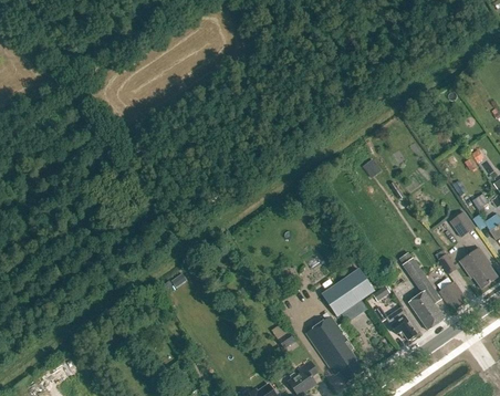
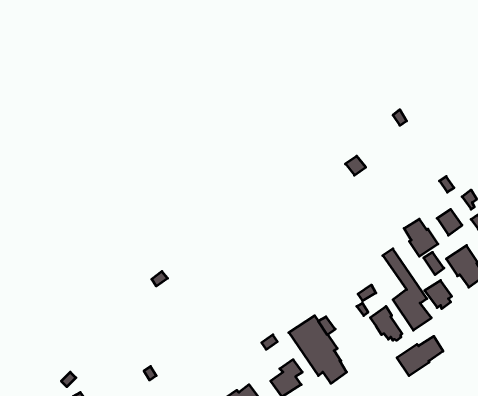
building: none -> [404,219,438,256]
building: [319,263,373,315] -> none
building: none -> [397,336,443,376]

